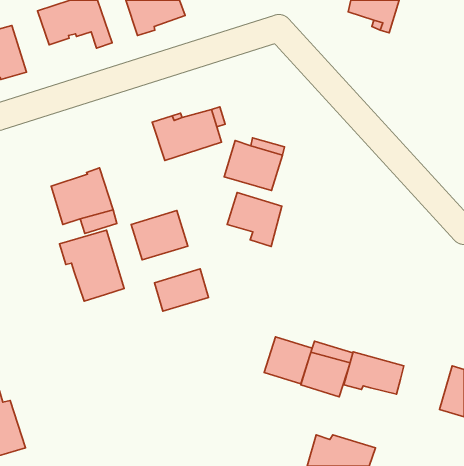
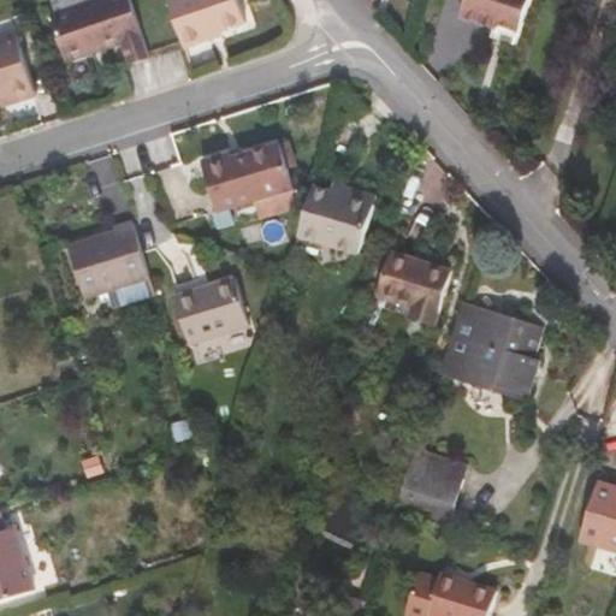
building: [227,193,282,246] -> [378,253,450,324]
building: none -> [442,303,540,392]
building: [59,230,124,301] -> none
building: [154,269,209,311] -> none
building: [264,337,312,384] -> none
building: [344,352,404,394] -> none

